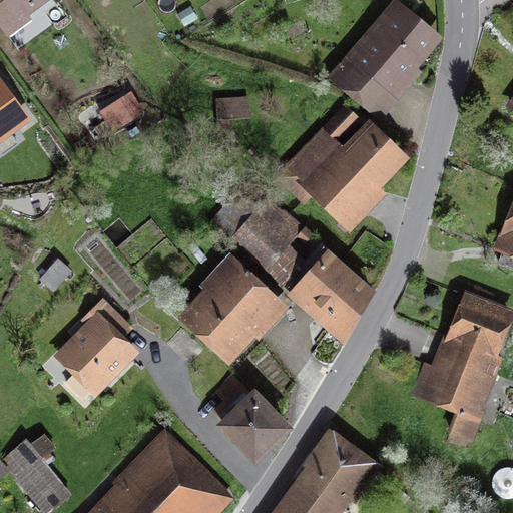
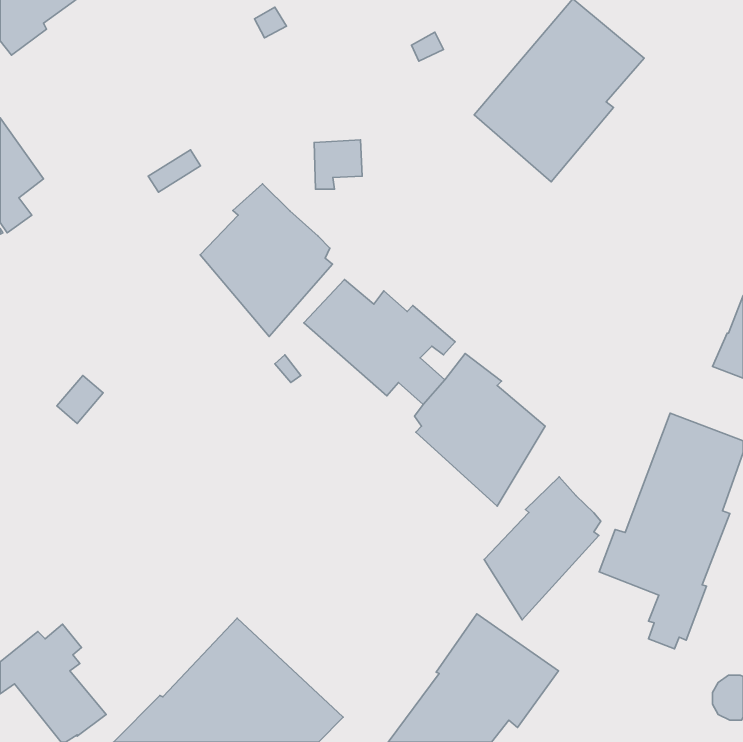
building: [274,104,410,235] -> none
building: none -> [200,184,332,336]
building: [176,254,289,368] -> none
building: [52,299,139,401] -> none
building: none -> [484,477,601,620]
building: [212,372,294,459] -> none

